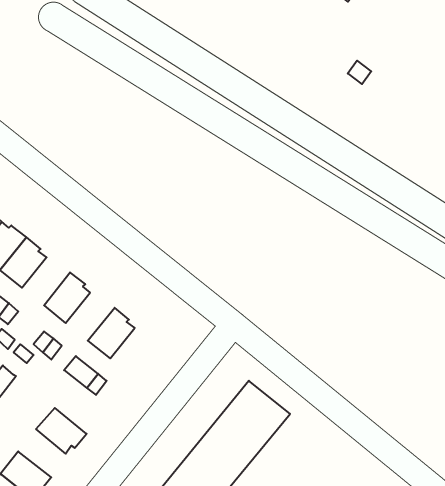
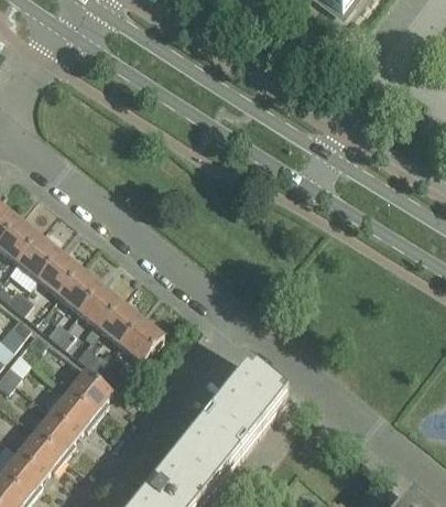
building: none -> [35,251,80,296]
building: none -> [76,284,122,330]
building: none -> [118,317,163,364]
building: none -> [66,371,110,417]
building: none -> [32,412,76,457]

